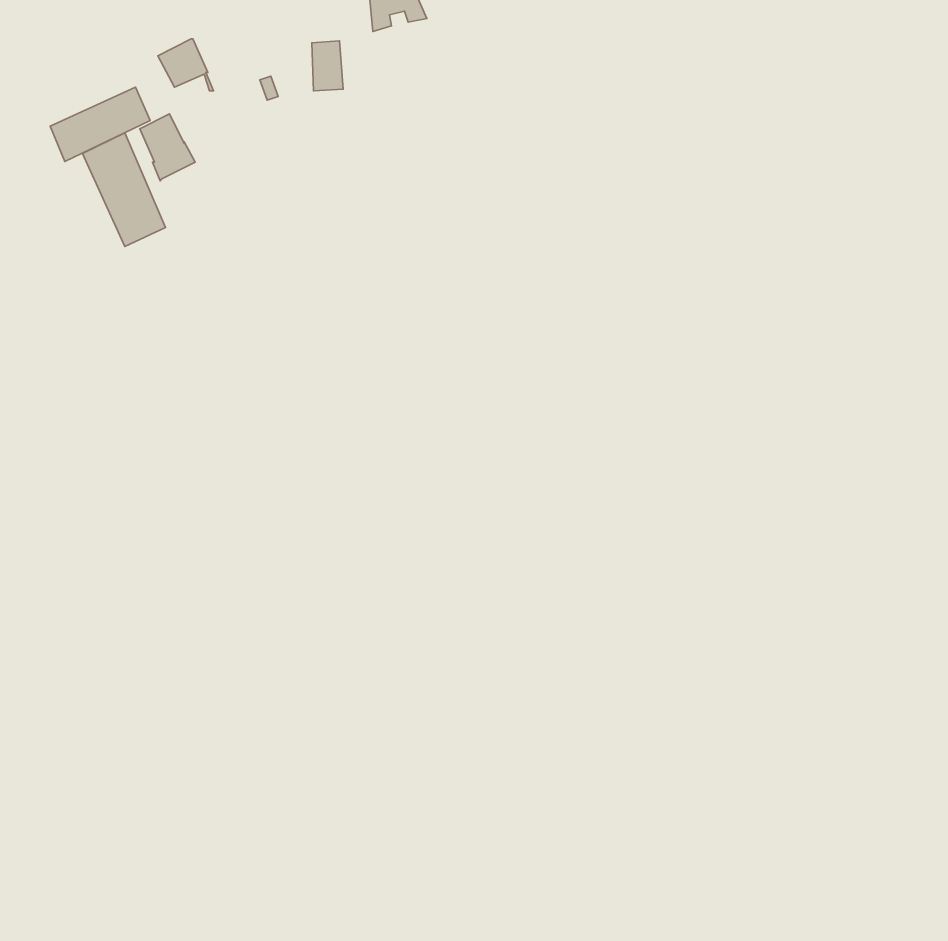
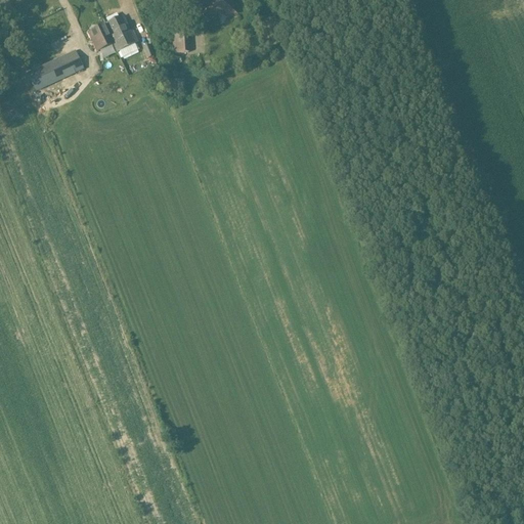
building: [140,114,195,181] -> [106,13,137,50]
building: [82,133,166,247] -> none

